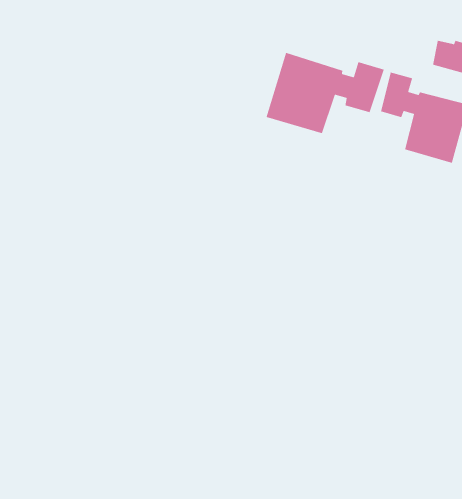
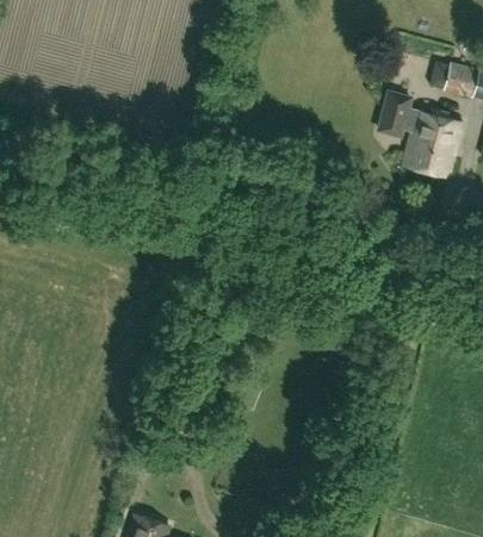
building: [266,52,385,134] -> none

